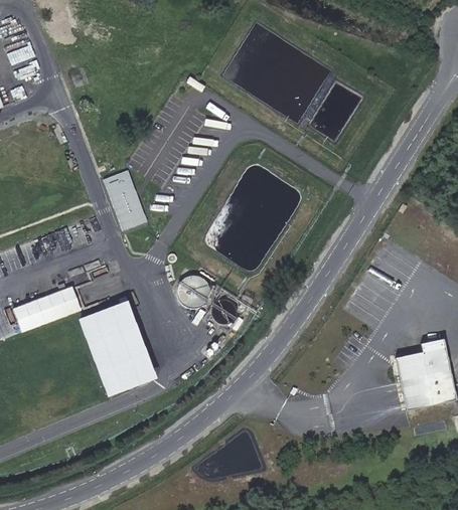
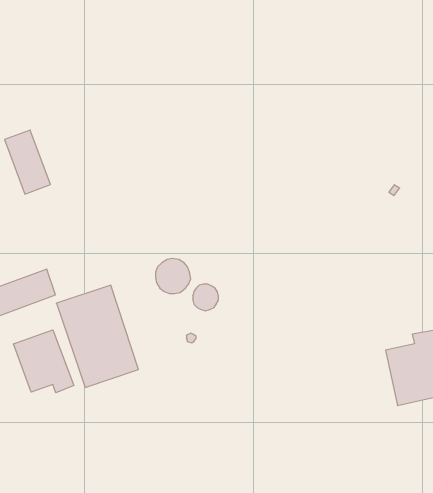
building: [103,169,146,229] -> [5,130,50,194]
building: none -> [14,330,74,393]

